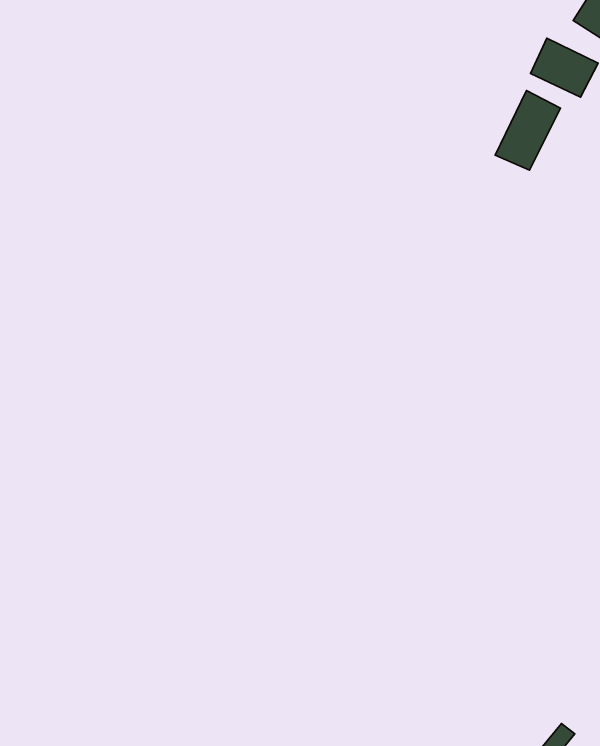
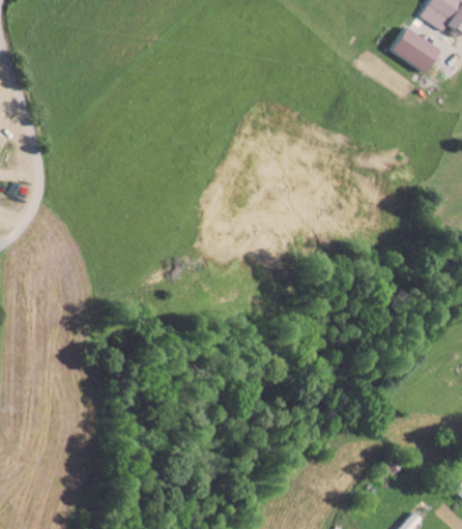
building: [495,90,560,170] -> none

